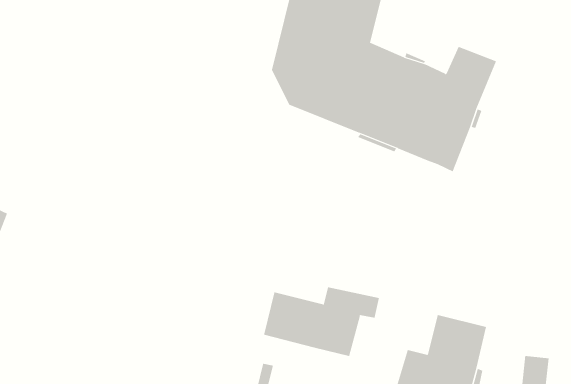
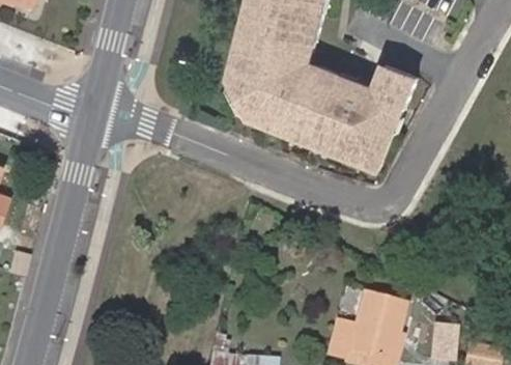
building: [263,287,380,357] -> none

